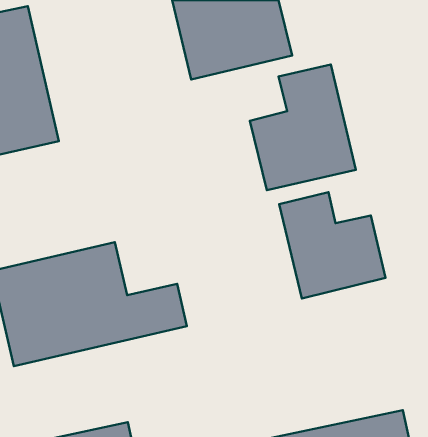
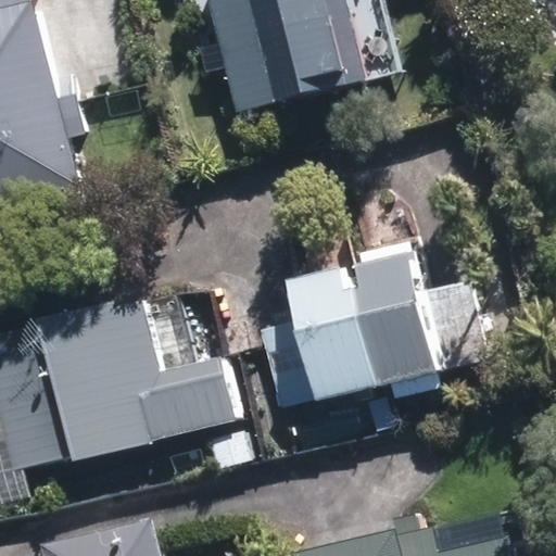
building: [250,64,356,190] -> none
building: none -> [257,263,379,405]

